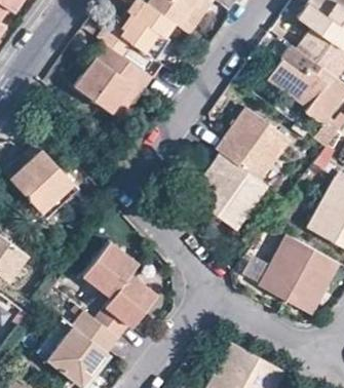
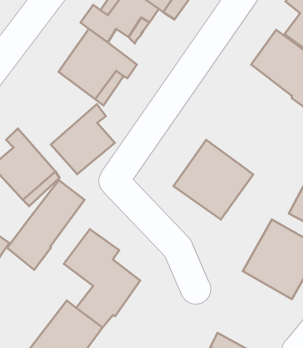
building: [217,109,290,183] -> none
building: none -> [51,104,115,174]
building: none -> [7,180,84,270]

